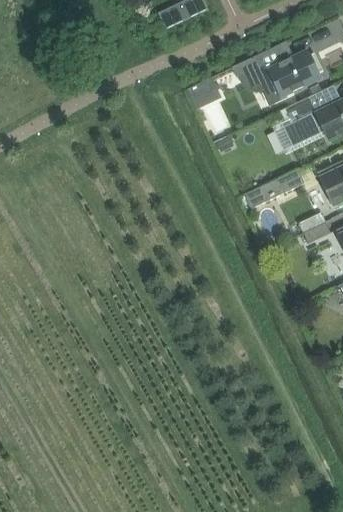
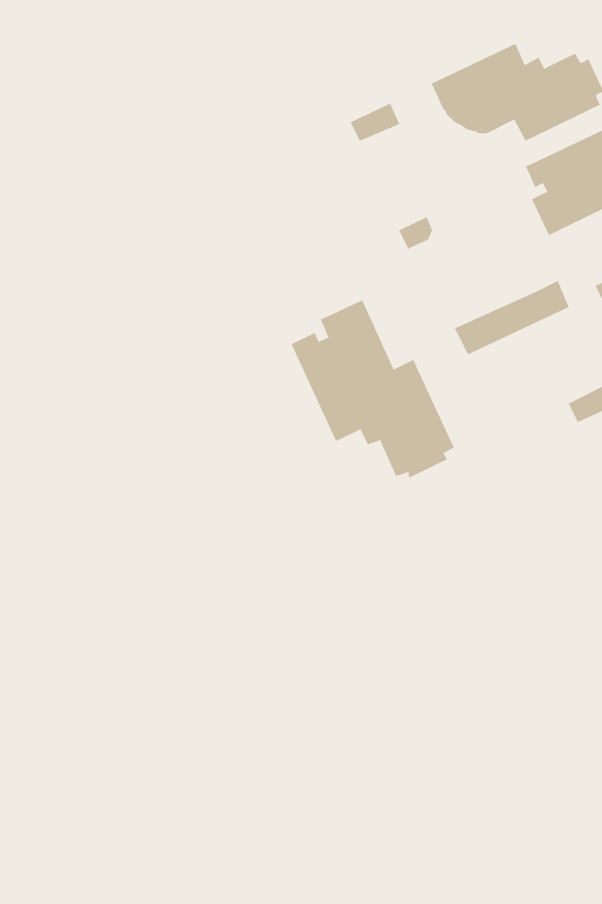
building: none -> [291,299,455,479]

